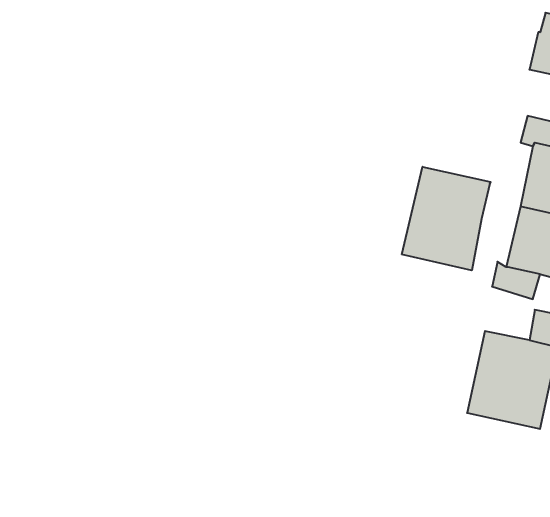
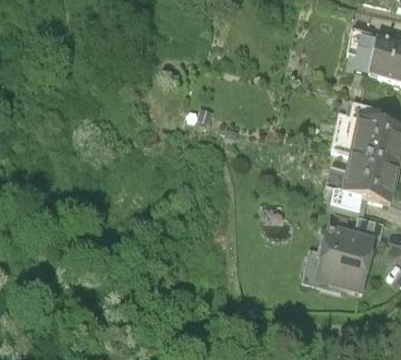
building: [402,167,491,270] -> none

